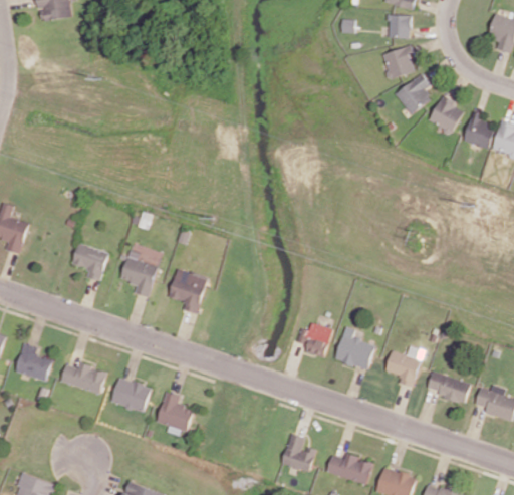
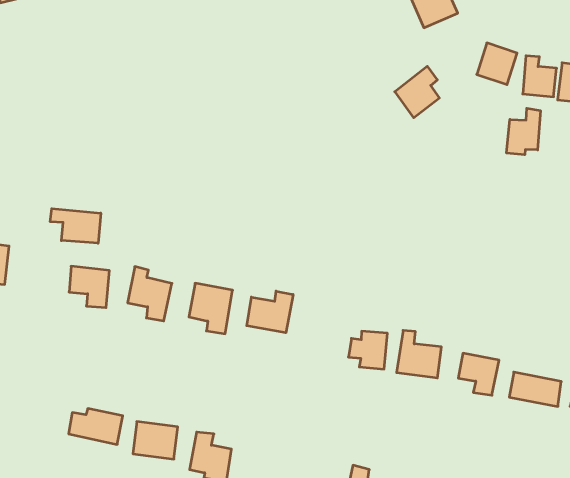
building: [395,73,431,114] -> [395,66,439,118]
building: none -> [507,108,540,155]
building: none -> [50,209,101,243]
building: none -> [247,291,293,333]
building: [15,343,52,382] -> none

